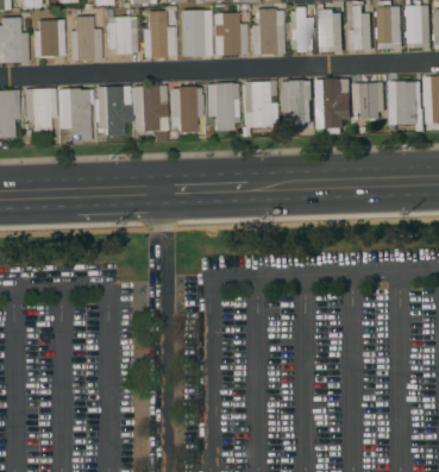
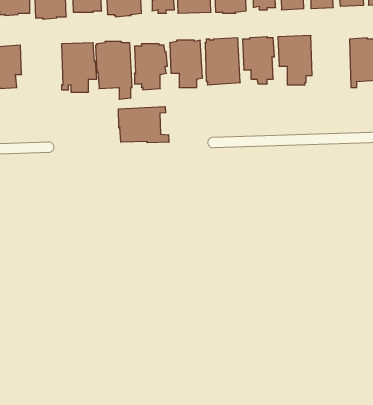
building: [352,82,384,120] -> none
building: [59,89,93,141] -> none
building: none -> [118,107,169,143]

